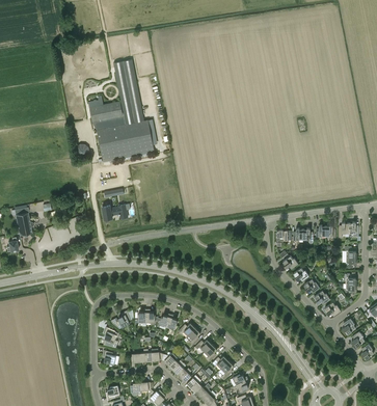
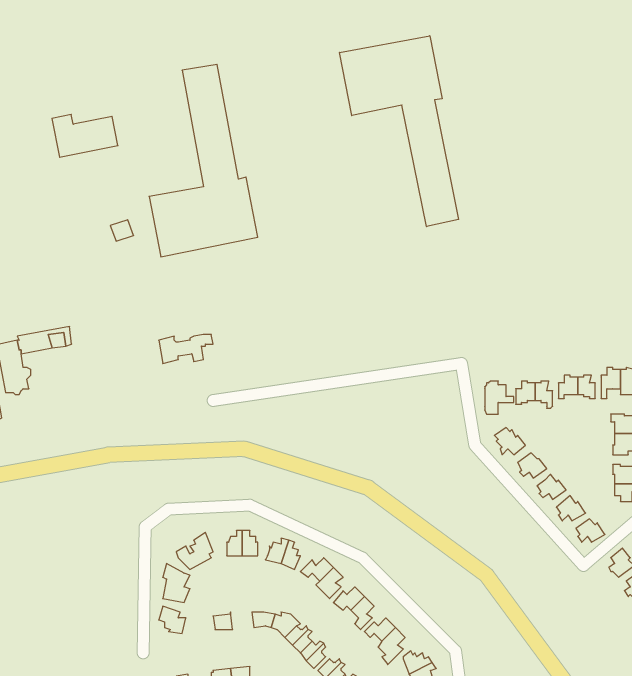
building: none -> [340,36,459,227]
building: [87,101,123,124] -> [52,114,118,157]

